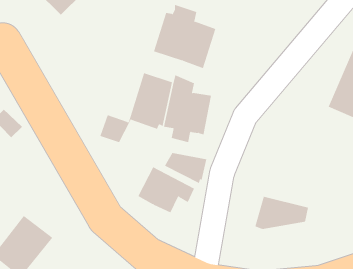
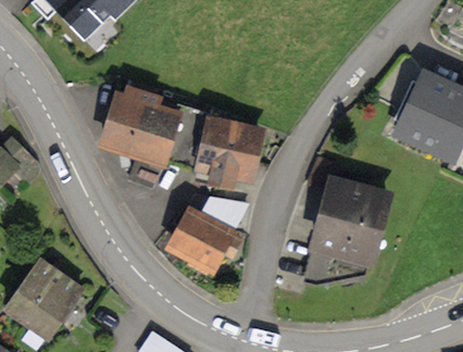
building: [153,4,216,69] -> [103,86,175,160]
building: none -> [315,181,385,257]

